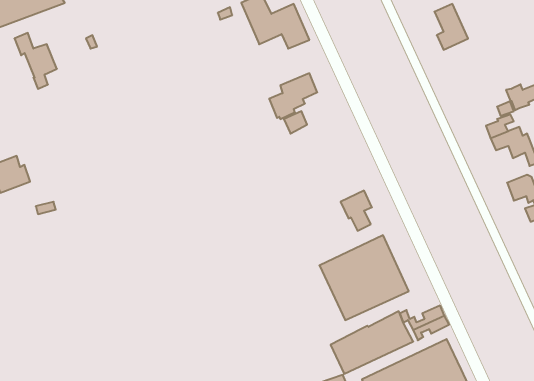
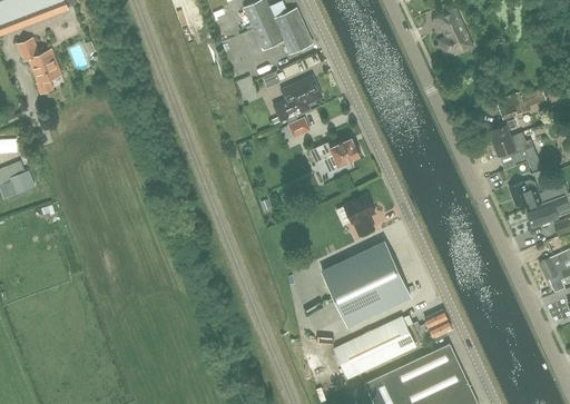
building: none -> [315,138,360,174]

